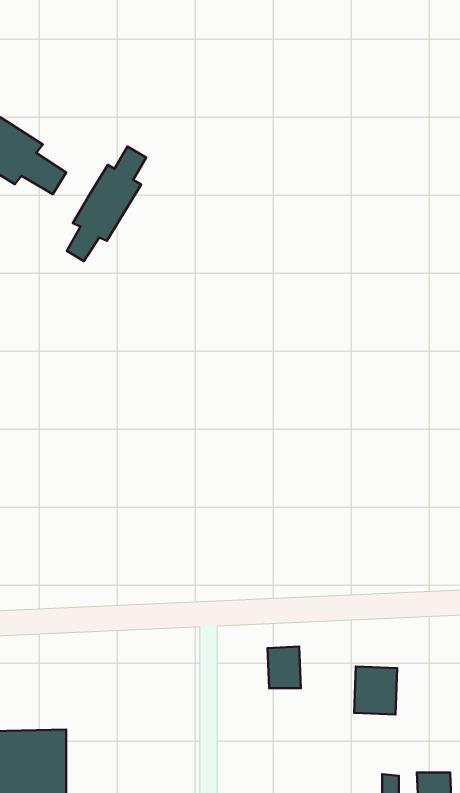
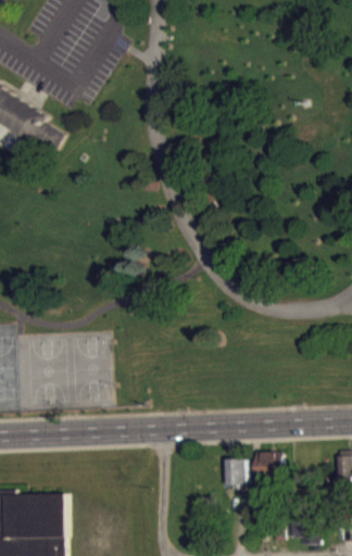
building: [67,147,146,261] -> none
building: [268,647,301,688] -> [224,463,246,490]

